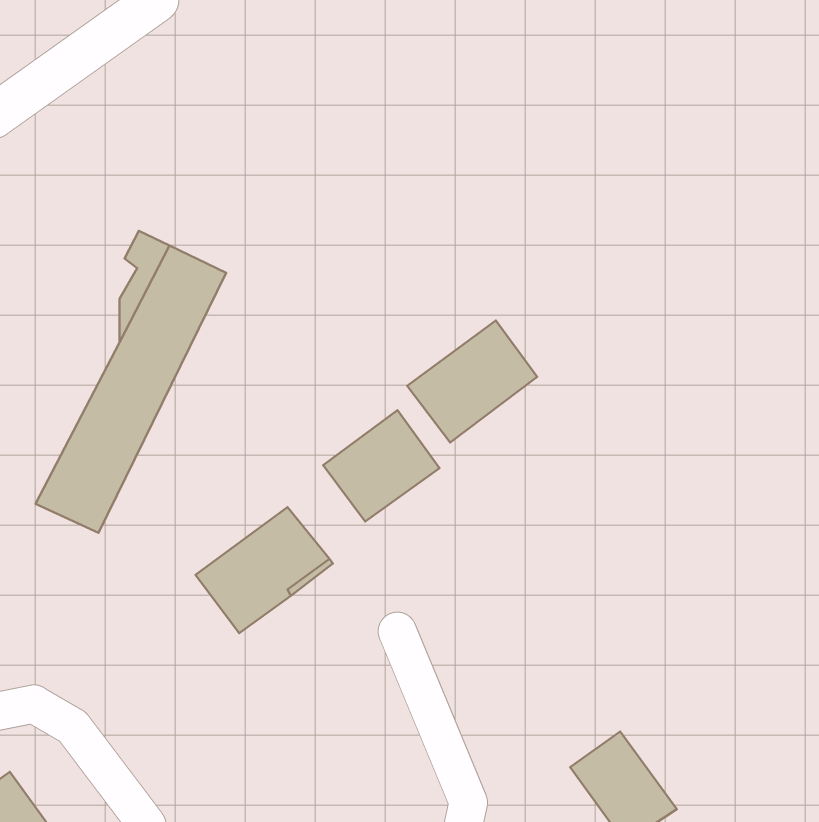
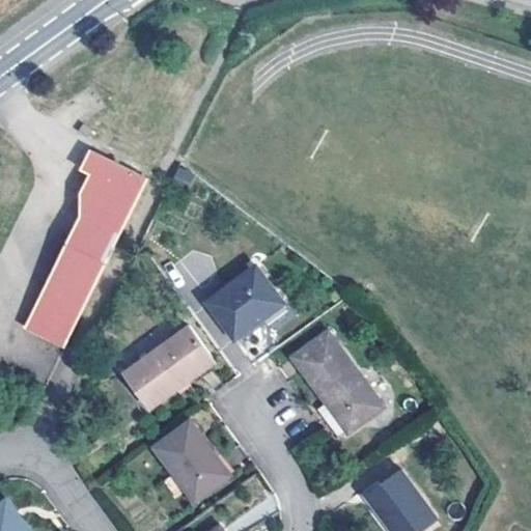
building: [407,321,537,442] -> none
building: none -> [291,332,384,431]
building: none -> [153,422,228,501]

